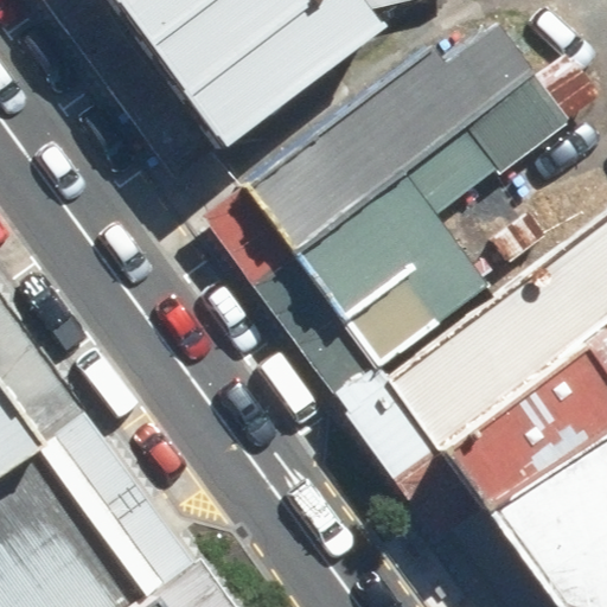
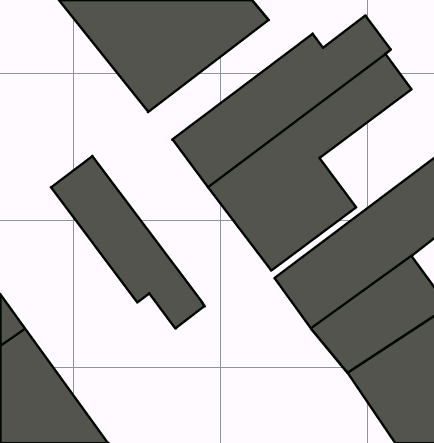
building: none -> [51,156,205,328]

